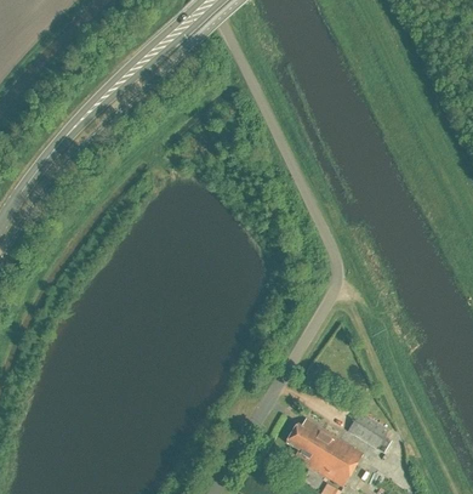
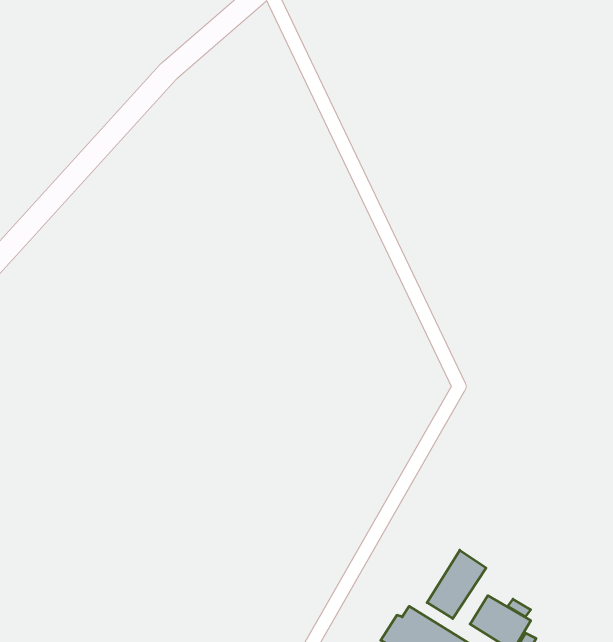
building: none -> [427,550,486,619]

